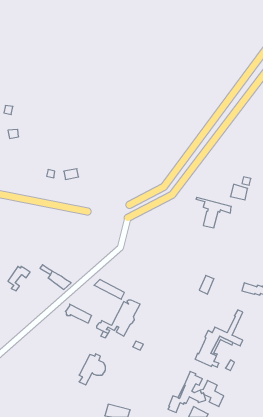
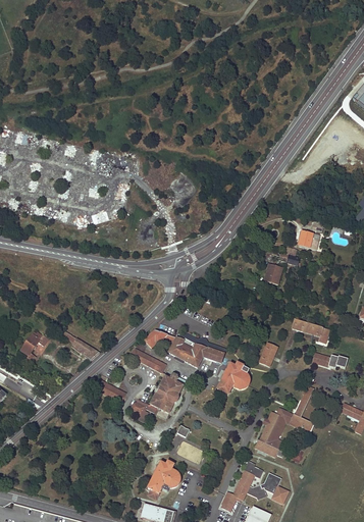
building: none -> [292,318,329,342]
building: none -> [145,329,224,366]
building: none -> [217,362,249,394]
building: [79,354,105,385] -> [147,460,179,499]

